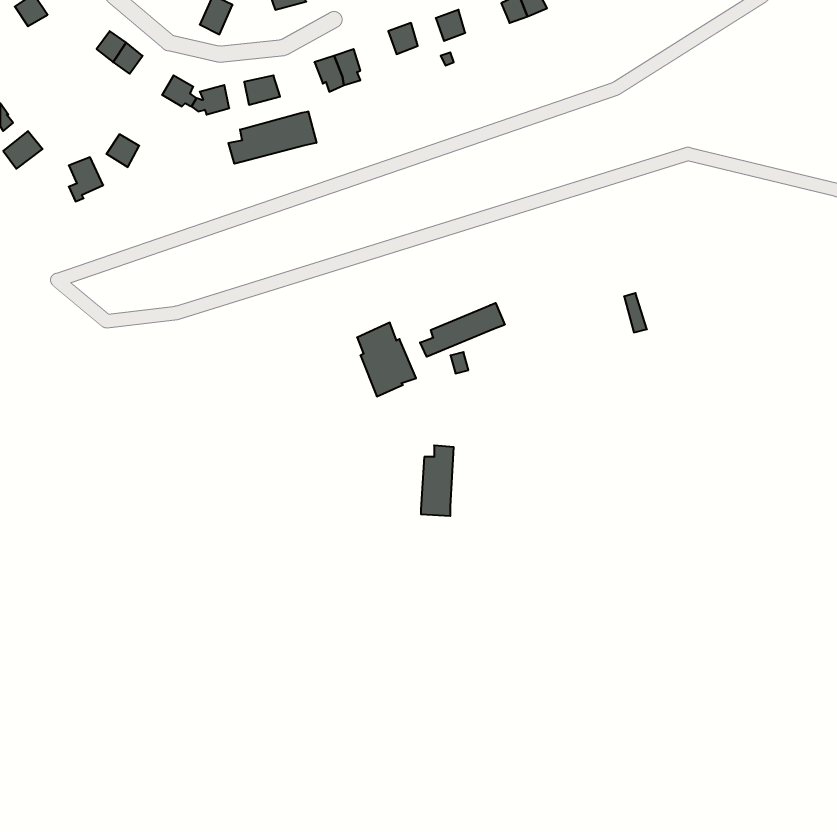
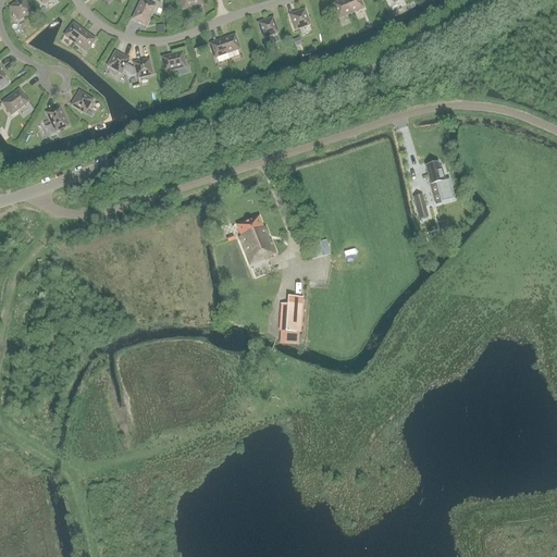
building: [228,111,316,164] -> none
building: none -> [425,162,455,201]
building: [420,303,505,357] -> none

